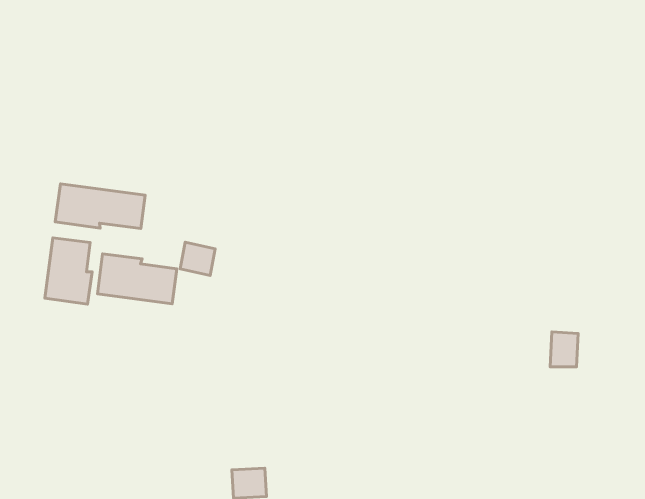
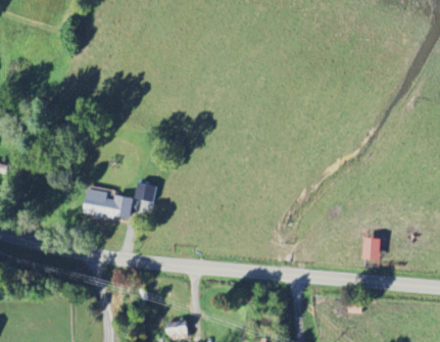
building: [55,184,145,228] -> none
building: [45,238,92,304] -> none

